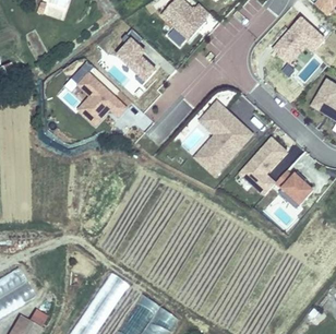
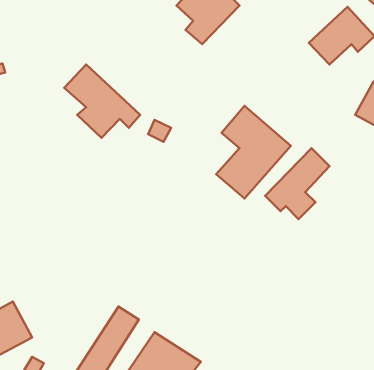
building: [115,35,157,81] -> none
building: [274,165,314,205] -> none

